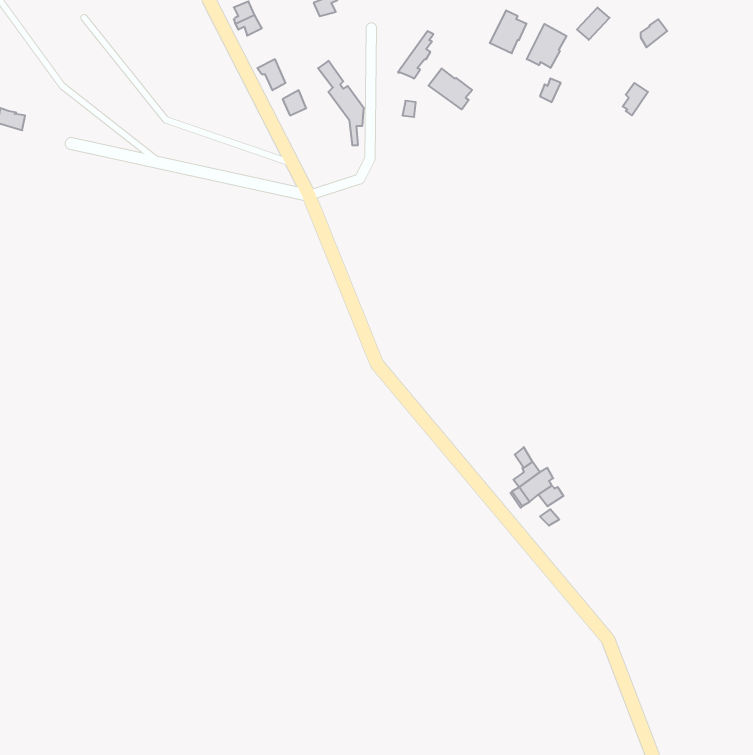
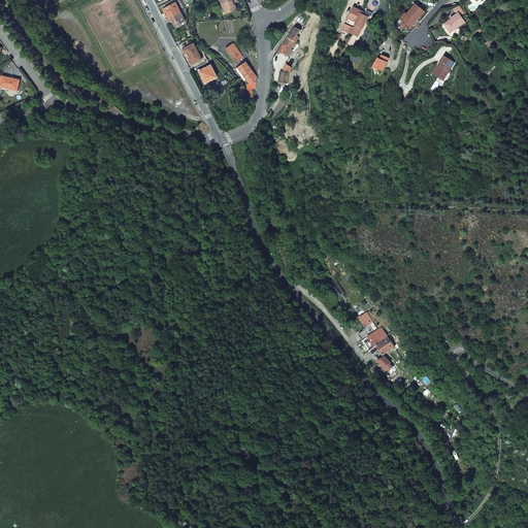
building: [527,24,566,68] -> none
building: [428,68,472,109] -> none

